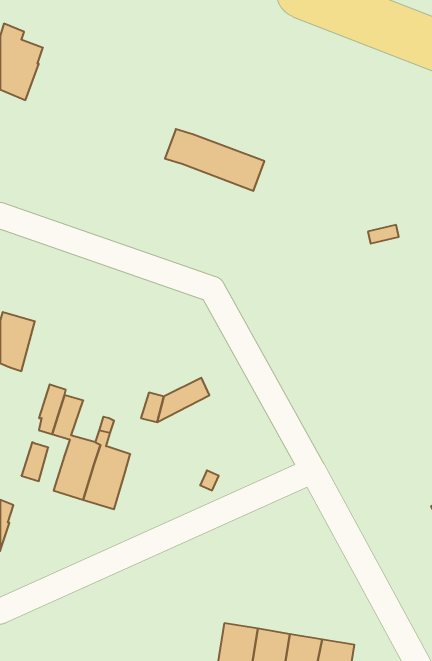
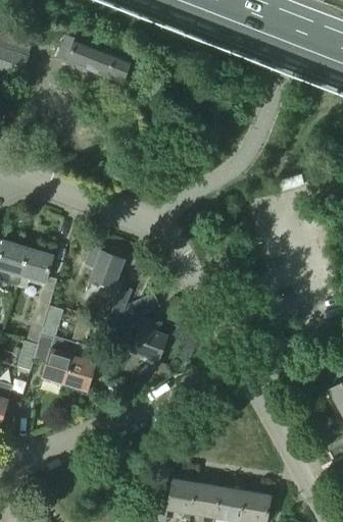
building: [165,129,264,191] -> [53,35,129,82]
building: none -> [17,249,53,289]
building: none -> [85,249,125,295]
building: none -> [118,319,165,362]

